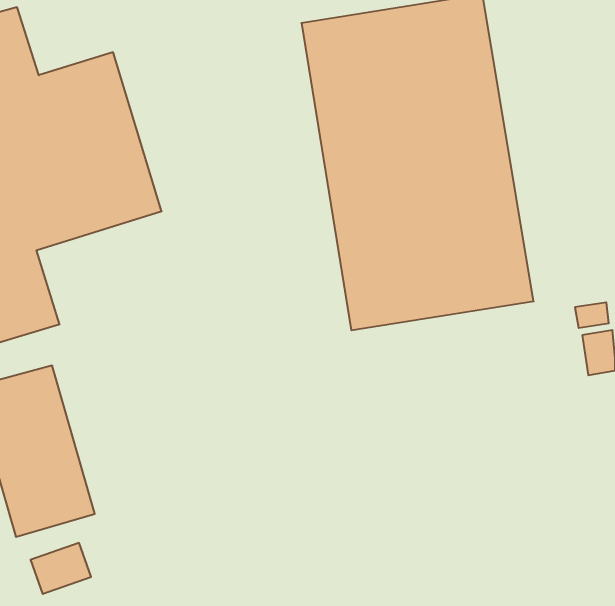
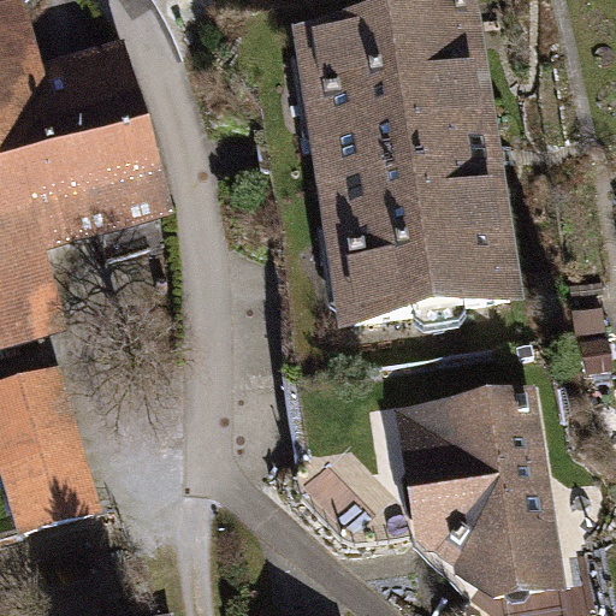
building: none -> [378,381,550,596]

